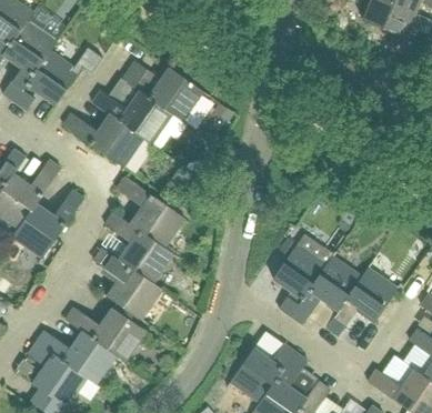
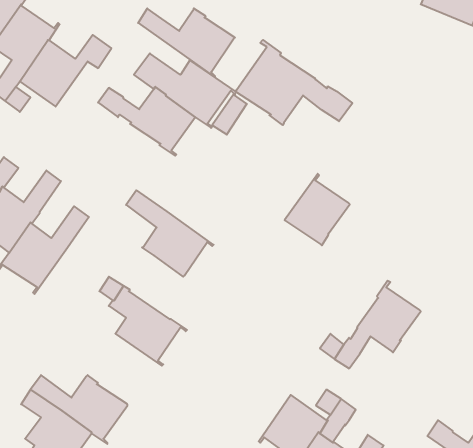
building: none -> [236,40,352,125]
building: [63,112,144,170] -> [138,8,235,77]
building: [104,212,178,283] -> none
building: [272,240,326,300] -> [285,174,350,245]
building: [325,262,401,335] -> none
building: [66,306,151,364] -> none

